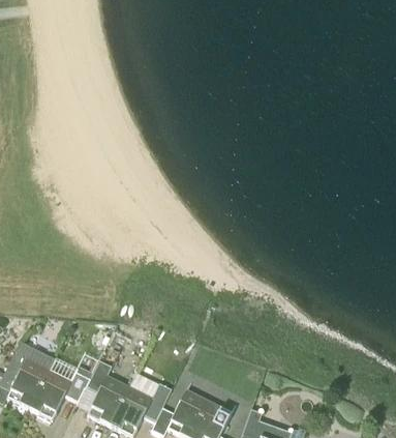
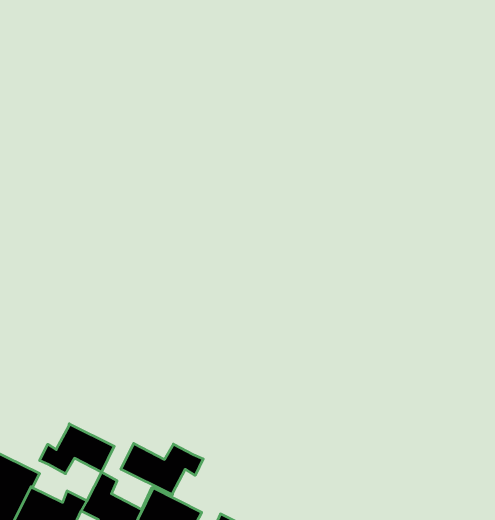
building: none -> [40,424,114,474]
building: none -> [121,443,203,495]

